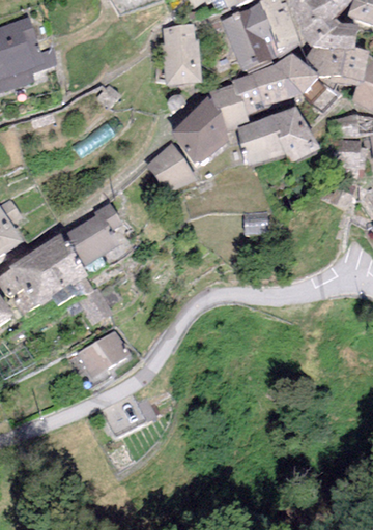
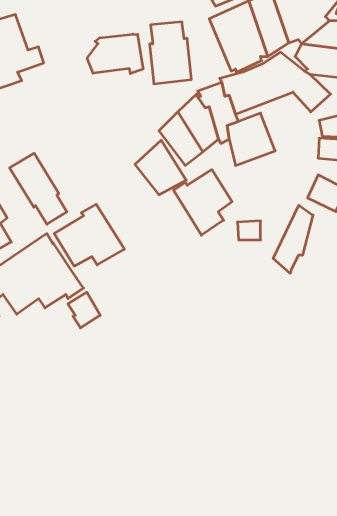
building: none -> [87,34,143,74]
building: [270,105,319,161] -> none
building: none -> [10,153,67,224]
building: none -> [174,170,232,235]
building: none -> [273,205,313,273]
building: [76,331,130,380] -> none

